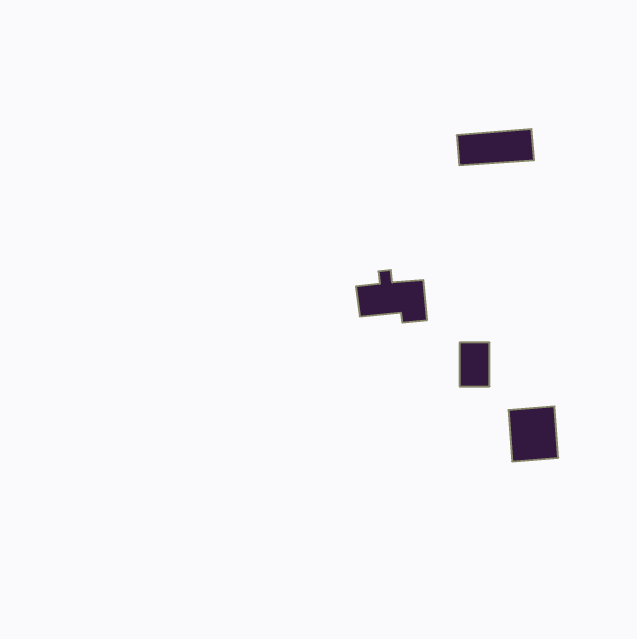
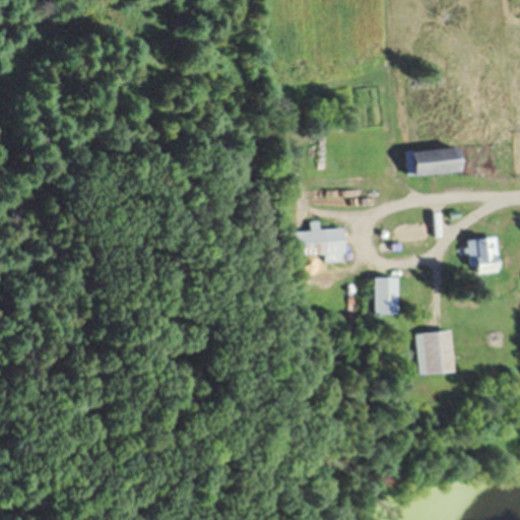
building: [457,129,534,165] -> [404,146,467,176]
building: none -> [467,238,503,272]

